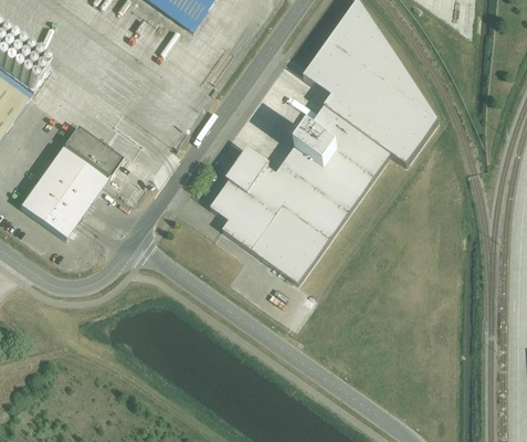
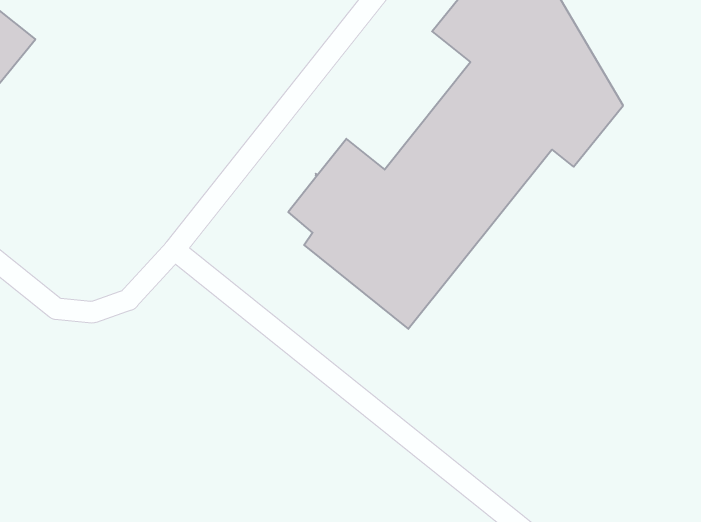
building: [19,125,123,238] -> none

